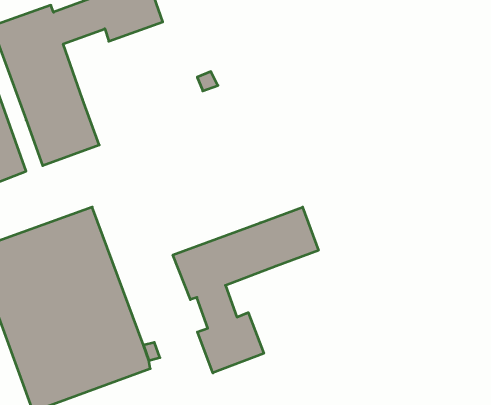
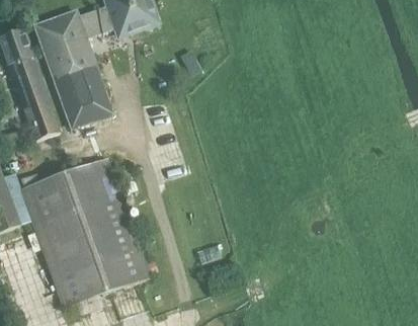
building: [173,207,318,373] -> none

